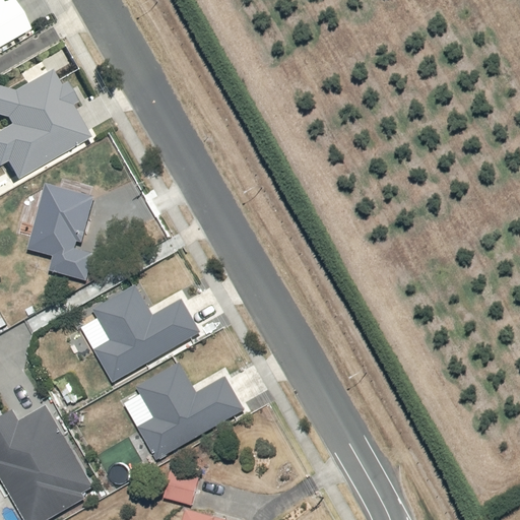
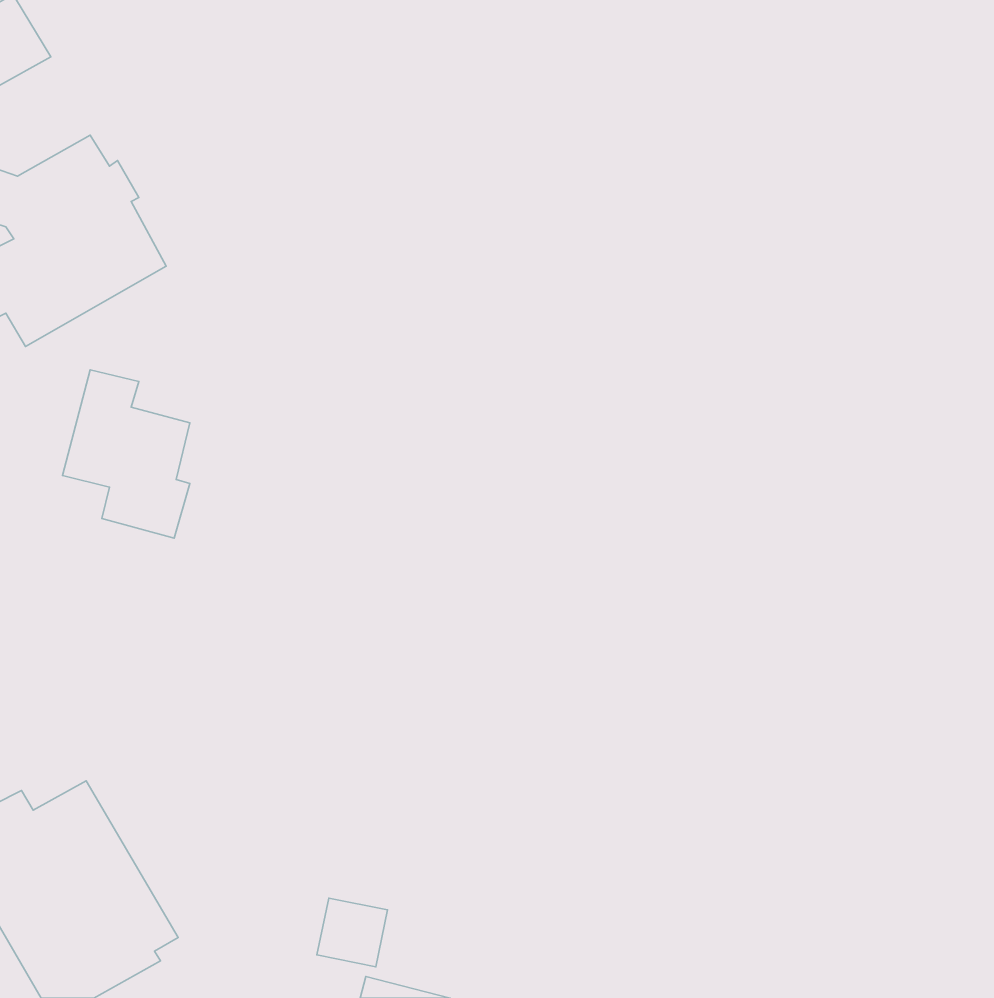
building: [91,284,199,382] -> none
building: [135,364,243,460] -> none

